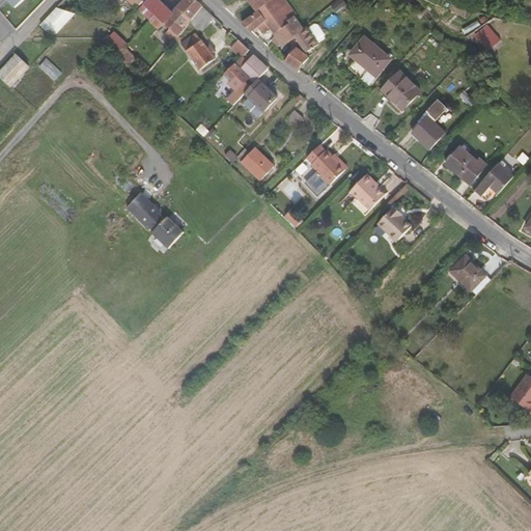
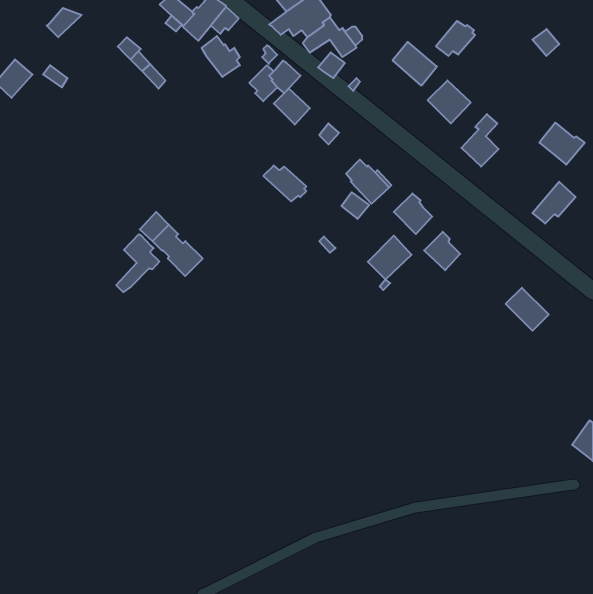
building: none -> [436,21,475,56]
building: [445,146,485,184] -> [539,123,585,165]
building: none -> [116,234,159,292]
building: none -> [368,236,412,280]

